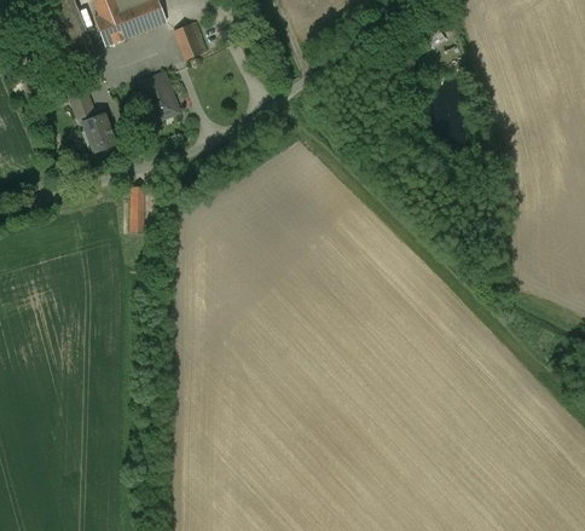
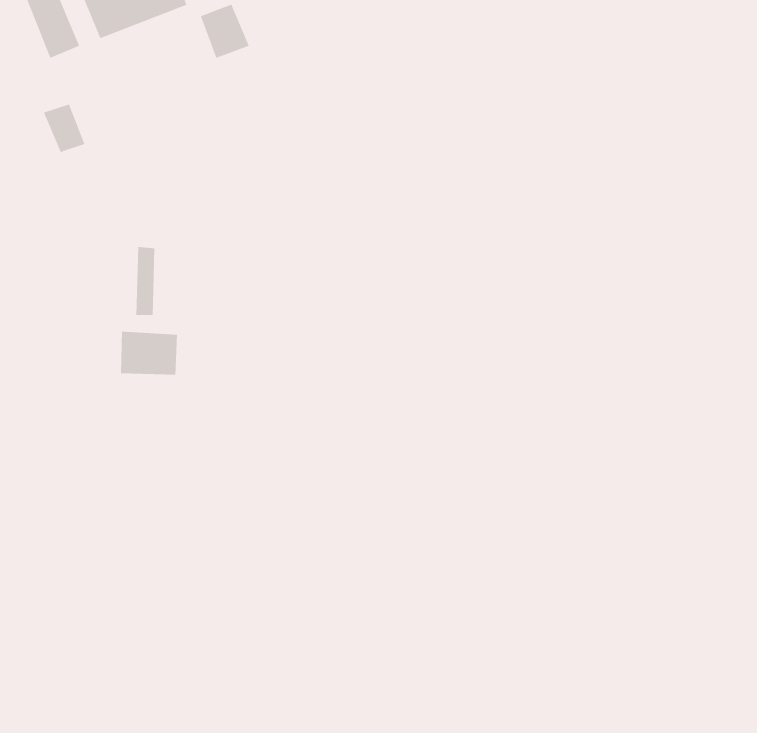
building: [144,73,179,121] -> none
building: [82,112,116,151] -> none
building: none -> [120,331,178,375]

